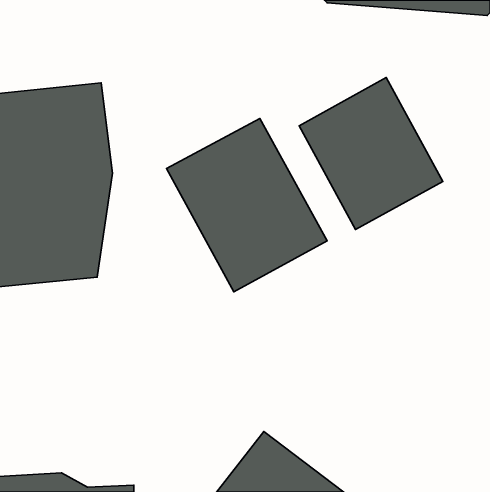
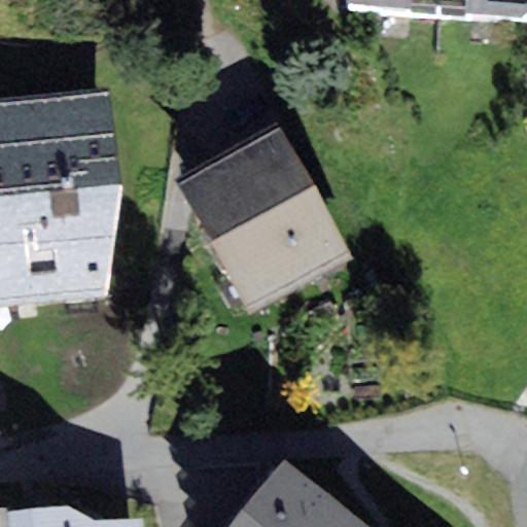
building: [299,78,443,229] -> none

